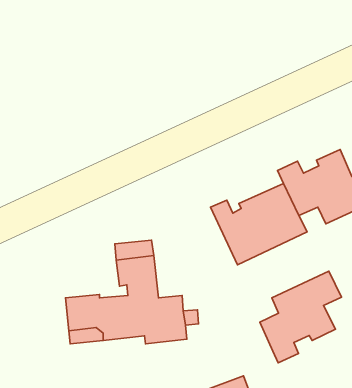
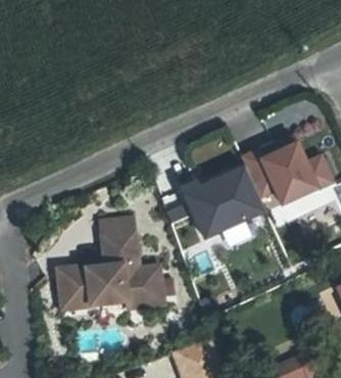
building: [260,271,341,363] -> none

